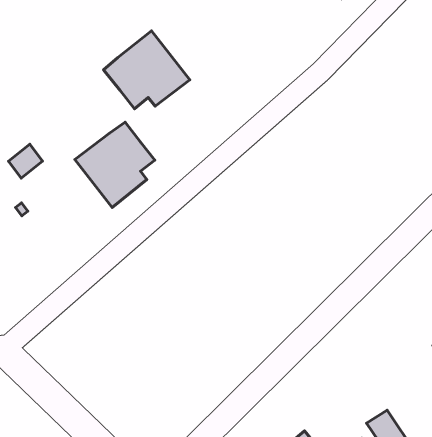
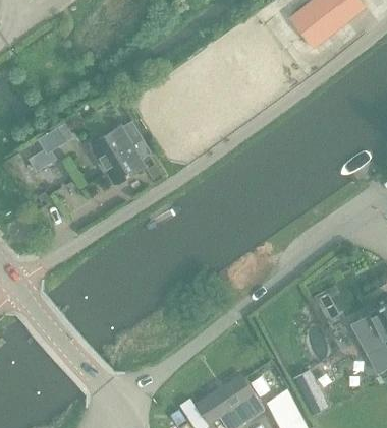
building: [104,31,190,109] -> none

